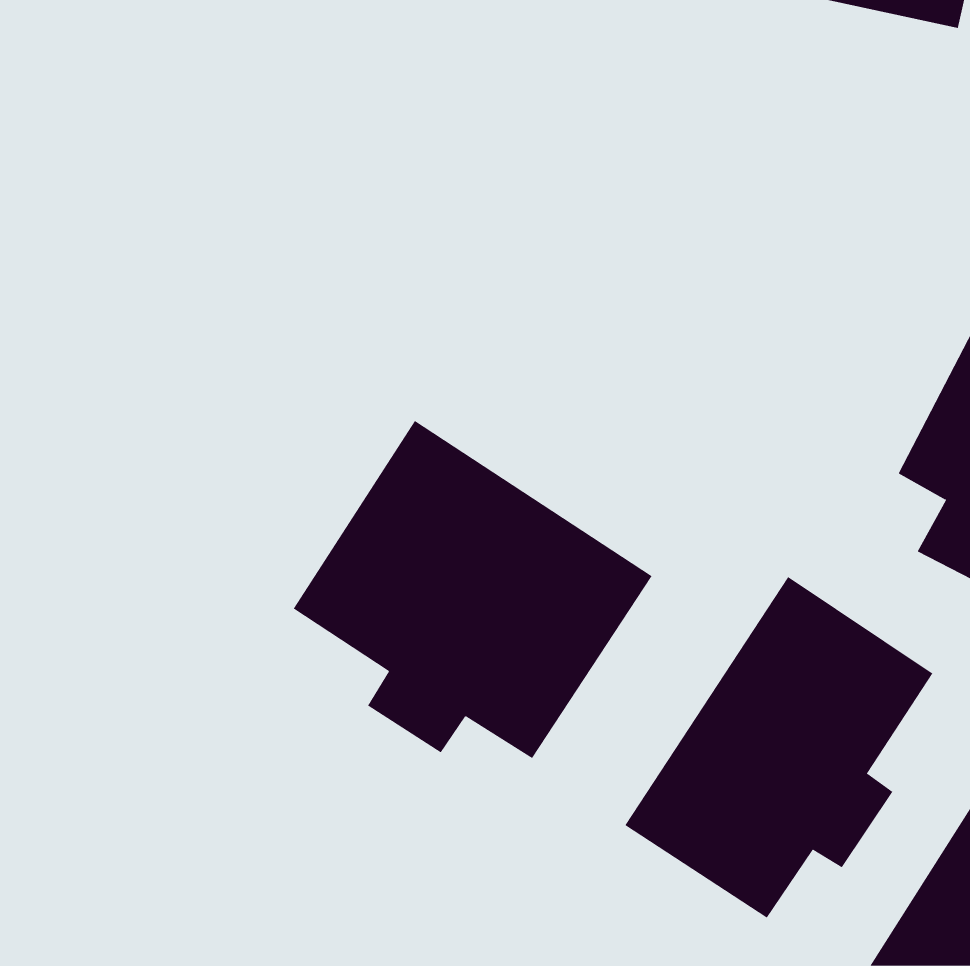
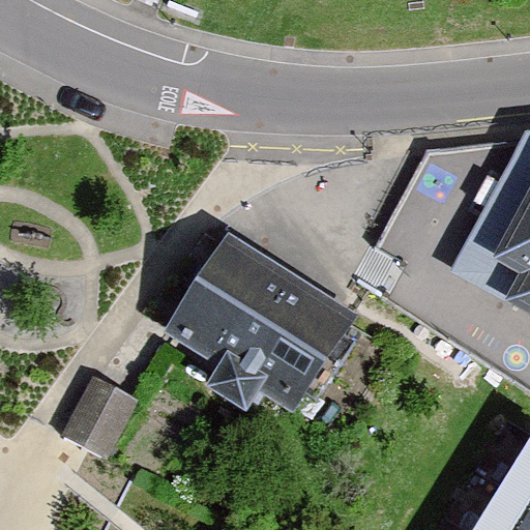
building: [625,576,933,919] -> none
building: none -> [61,377,137,458]

